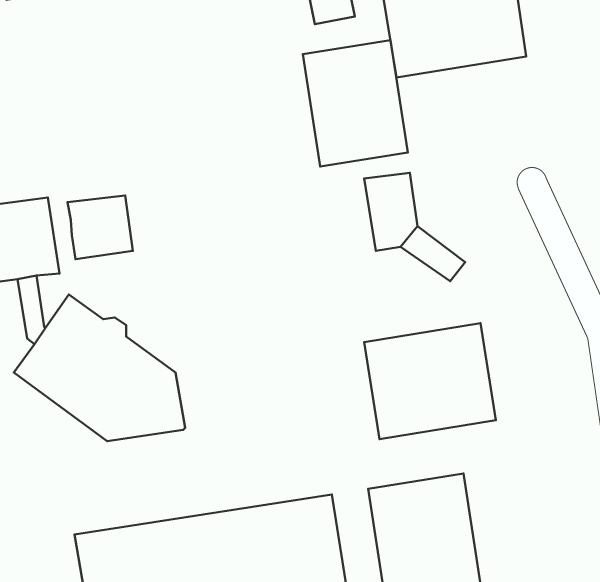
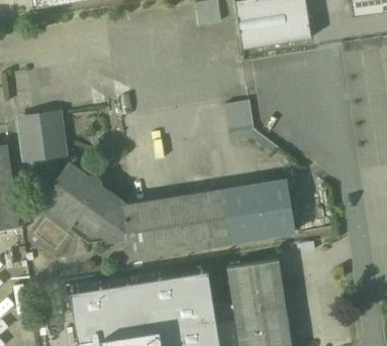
building: [303,40,408,167] -> none
building: [68,195,133,259] -> none
building: none -> [125,190,233,257]

